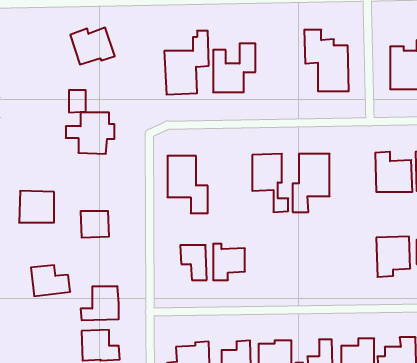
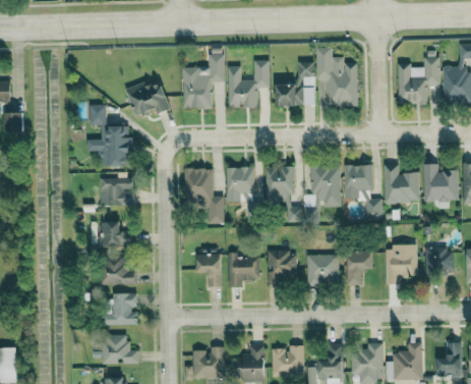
building: [70,28,115,65] -> [127,81,170,117]
building: none -> [276,62,314,106]
building: none -> [343,164,381,219]
building: none -> [226,167,253,202]
building: [19,191,54,223] -> [100,177,133,208]
building: none -> [267,251,296,282]
building: none -> [347,251,372,286]
building: none -> [306,255,339,284]
building: [31,265,70,296] -> [99,257,136,286]

